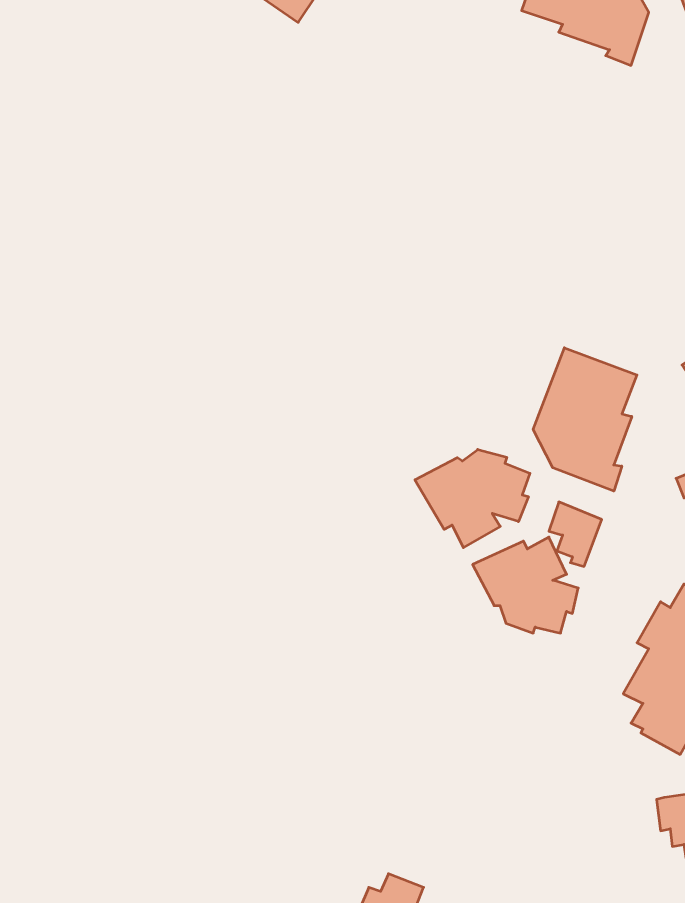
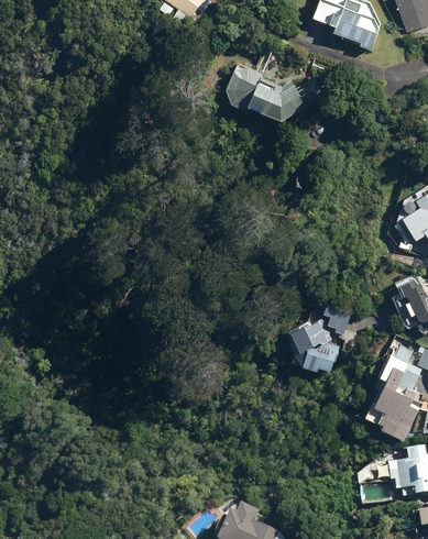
building: none -> [227,63,328,123]
building: [533,348,637,491] -> none
building: [415,449,530,548] -> none

